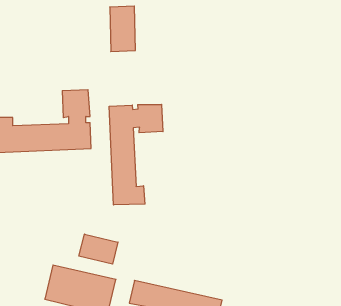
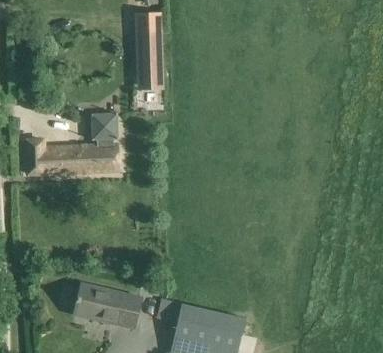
building: [109,104,163,205] -> none
building: [79,234,118,264] -> none

